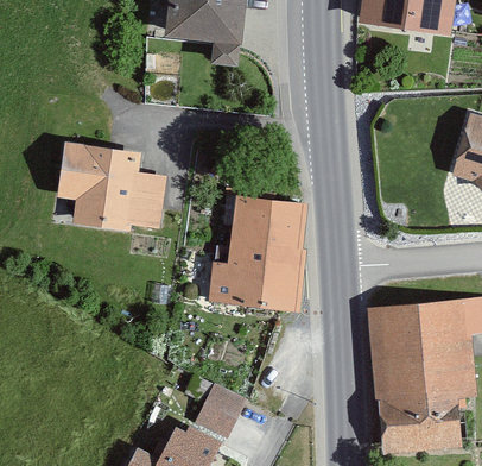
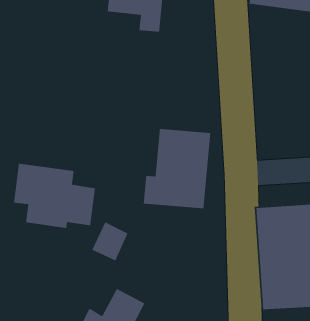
building: [55,140,170,232] -> [13,163,96,229]
building: [196,382,248,437] -> [91,221,129,261]

